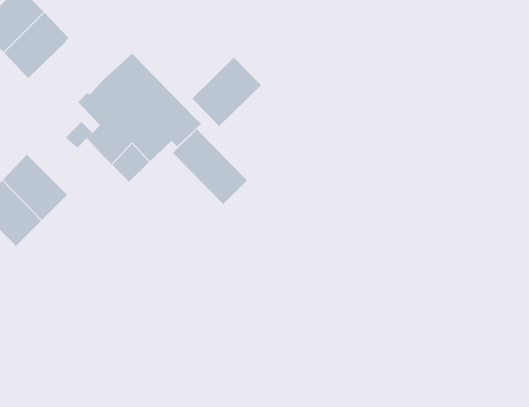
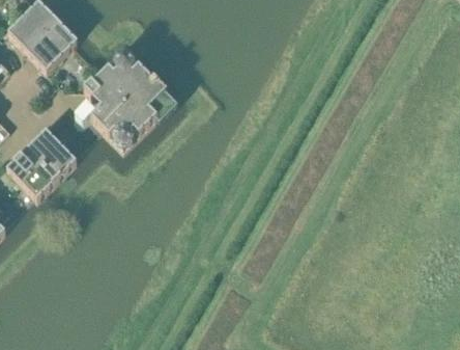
building: [191,57,262,127] -> none
building: [172,128,248,205] -> none

